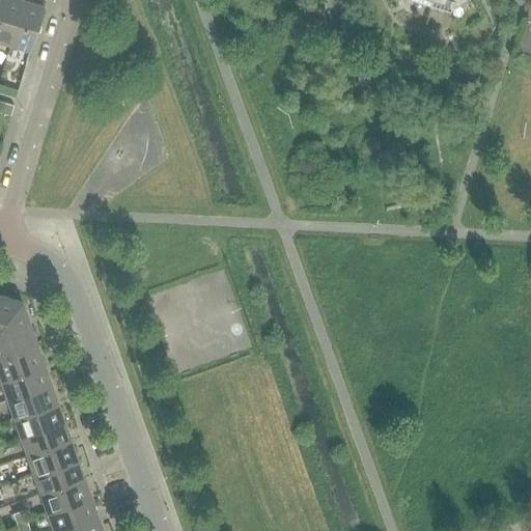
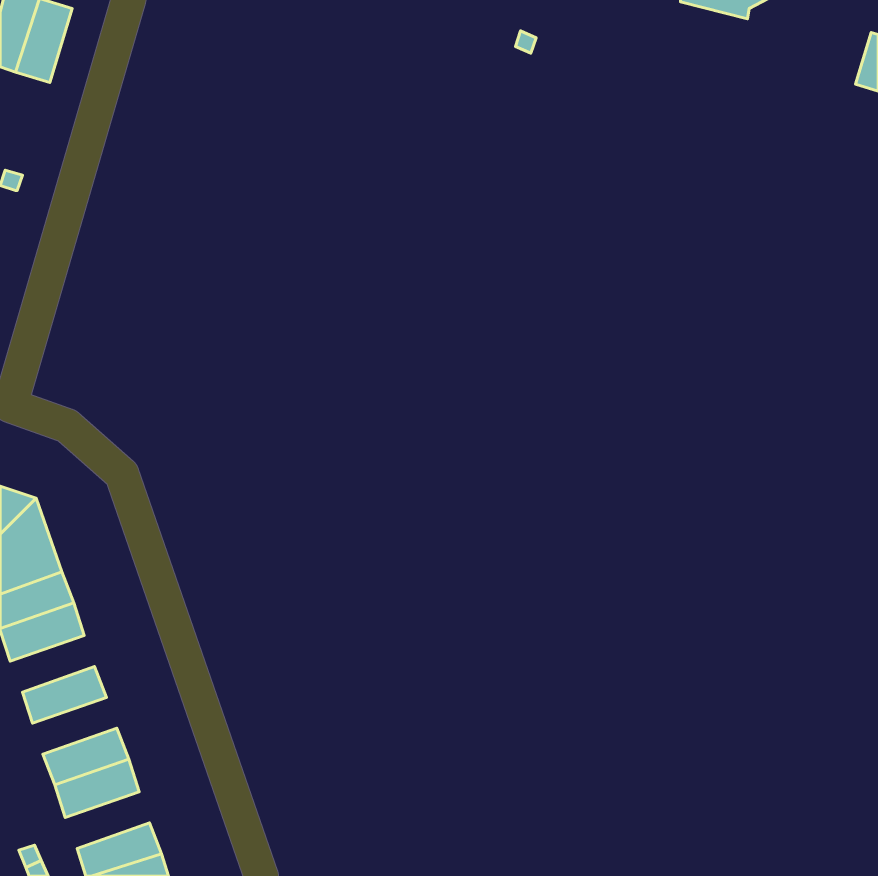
building: [6,384,57,418] -> none
building: [20,421,71,455] -> none
building: [39,478,90,512] -> none

